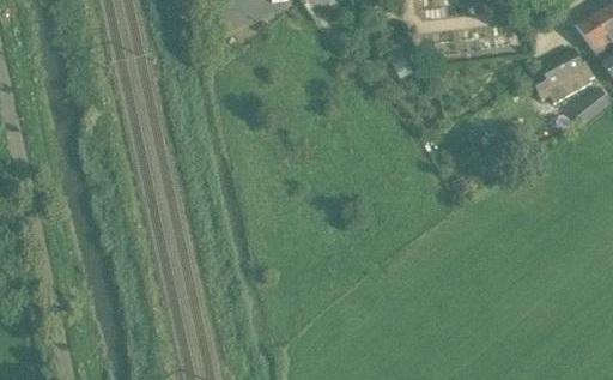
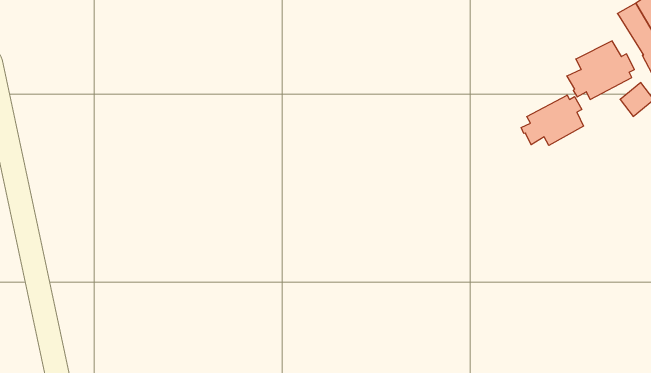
building: none -> [521,95,583,145]

